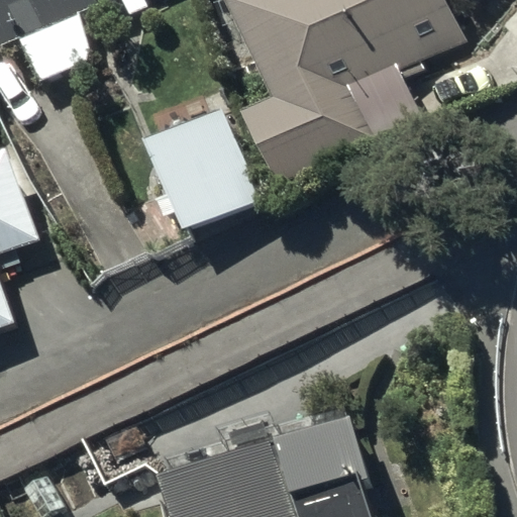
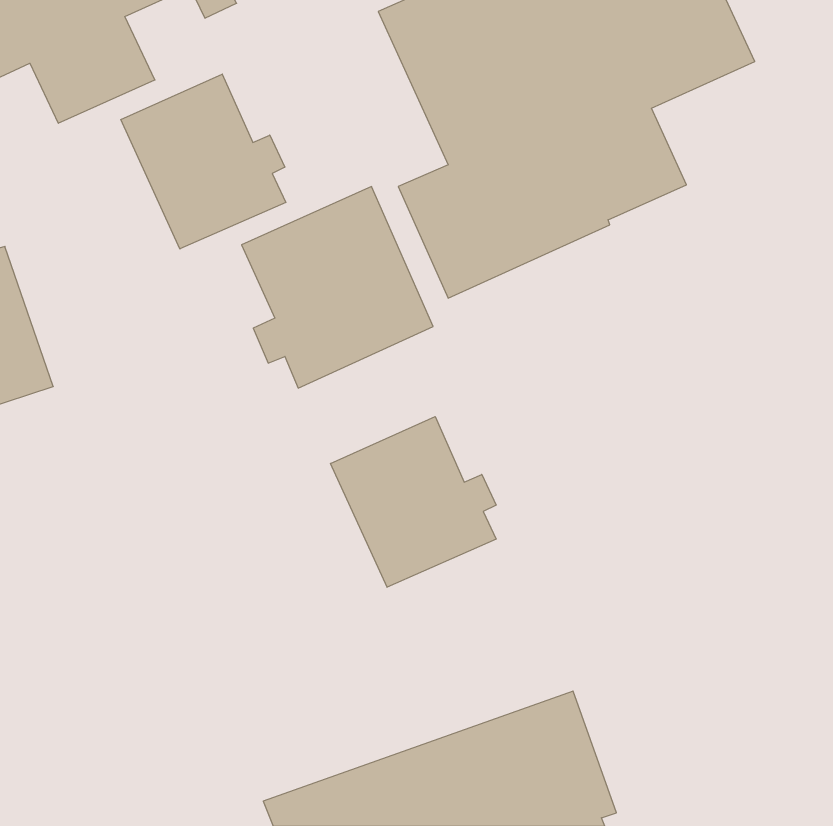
building: none -> [121,74,286,249]
building: none -> [331,417,496,587]

